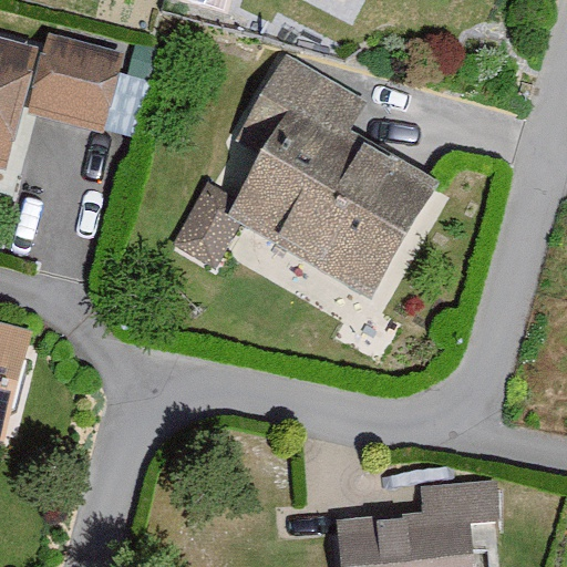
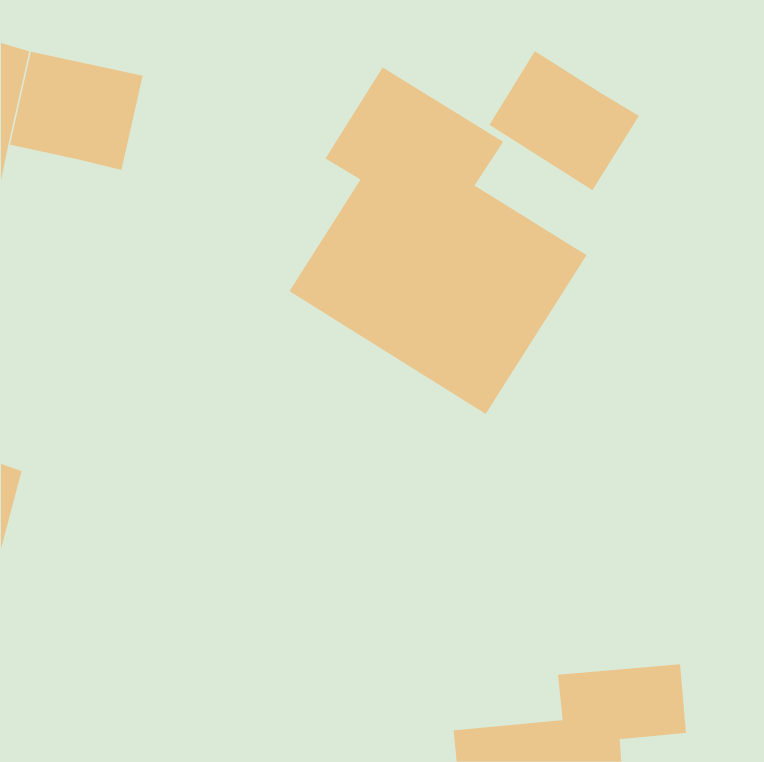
building: none -> [488,50,640,191]

